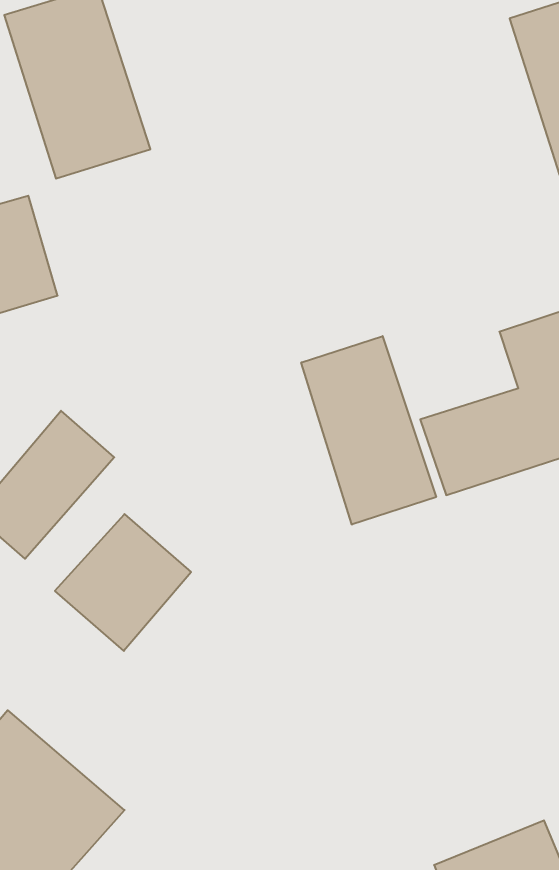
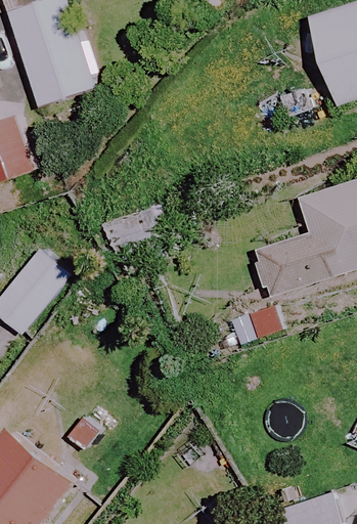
building: [301,336,436,525] -> none
building: [55,514,191,651] -> none

